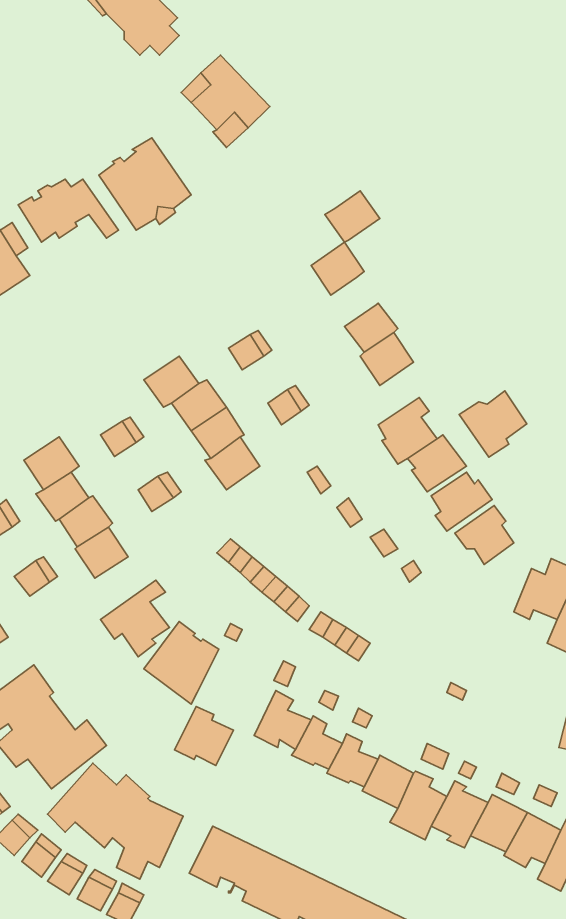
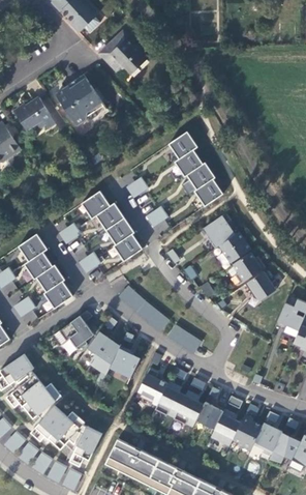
building: [325,191,380,242] -> [174,149,203,176]
building: [459,391,527,457] -> none
building: [175,706,234,765] -> [109,345,140,376]

